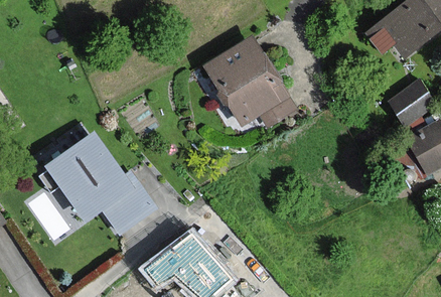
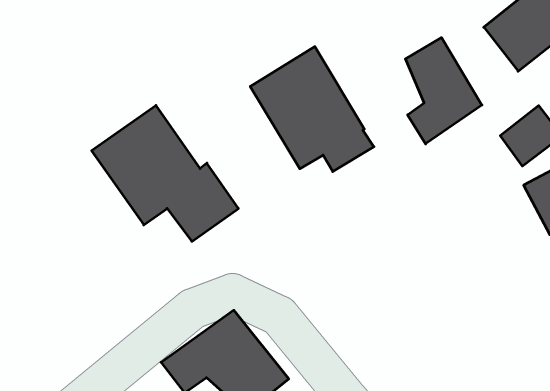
building: none -> [405,38,482,144]
building: [45,132,153,232] -> [92,105,238,241]

